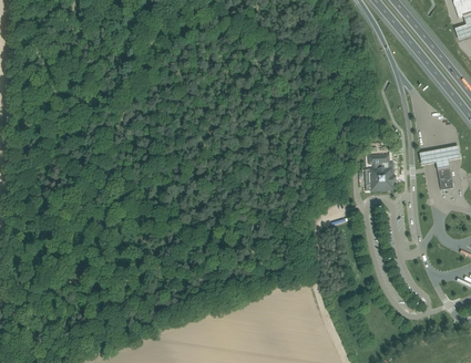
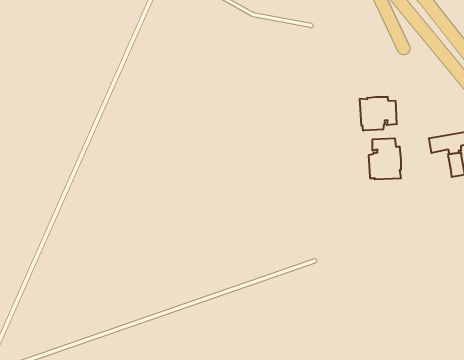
building: none -> [360,97,397,131]

